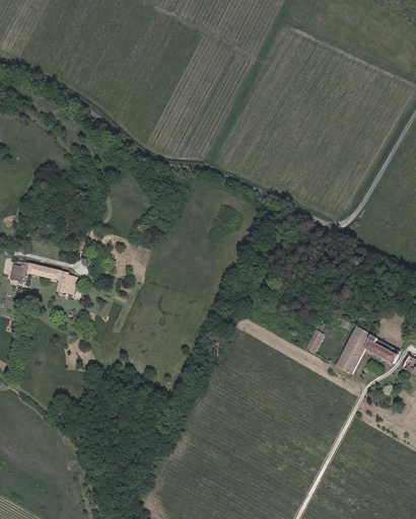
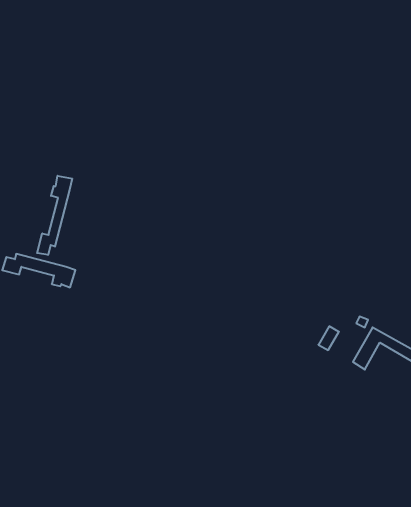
building: none -> [37,176,72,255]

